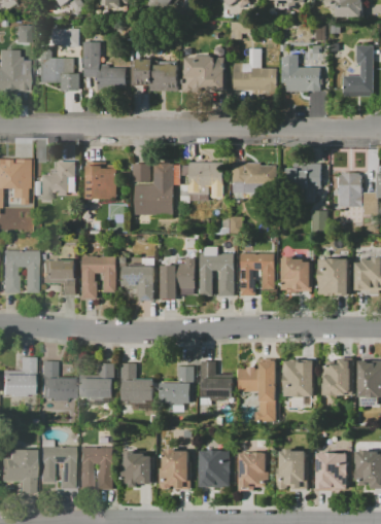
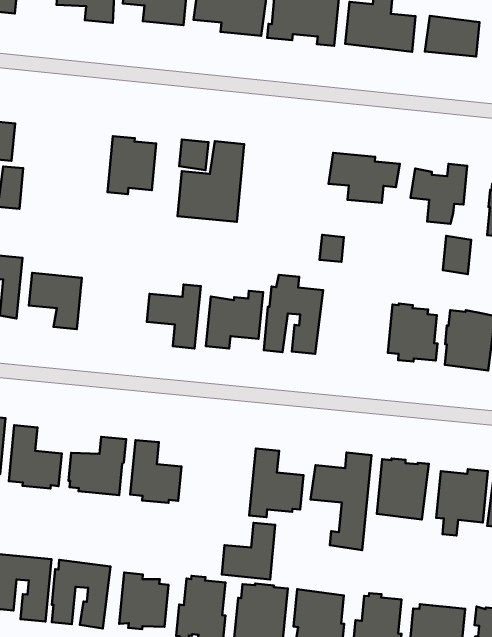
building: [40,162,75,200] -> none
building: [180,163,222,204] -> none
building: [240,253,275,293] -> none
building: [82,256,117,299] -> none
building: [162,366,194,403] -> [222,523,275,579]

